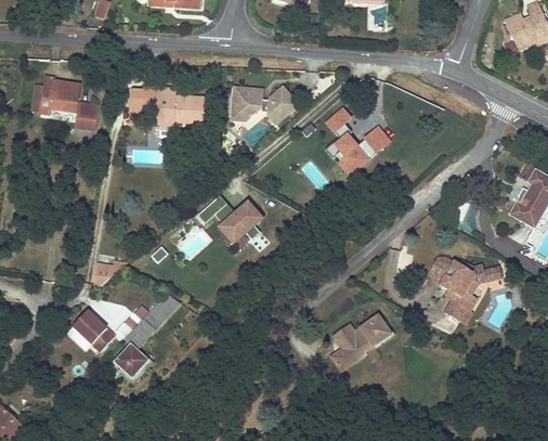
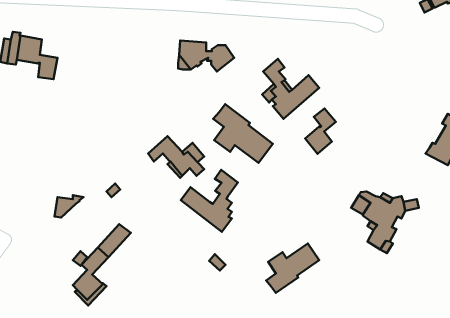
building: [128,88,205,137] -> none
building: none -> [213,104,273,163]
building: none -> [305,109,336,154]
building: none -> [181,170,238,232]
building: [71,311,114,352] -> none

